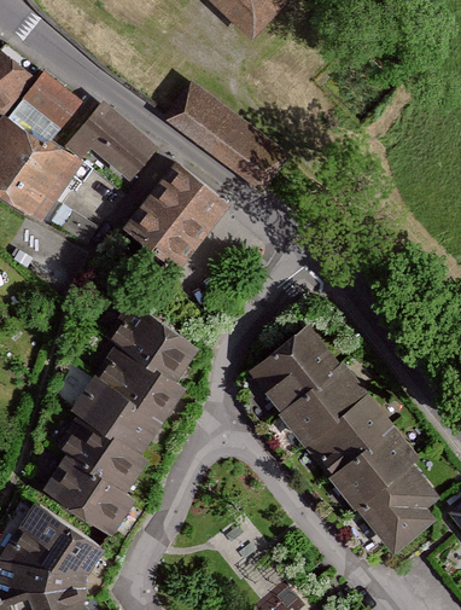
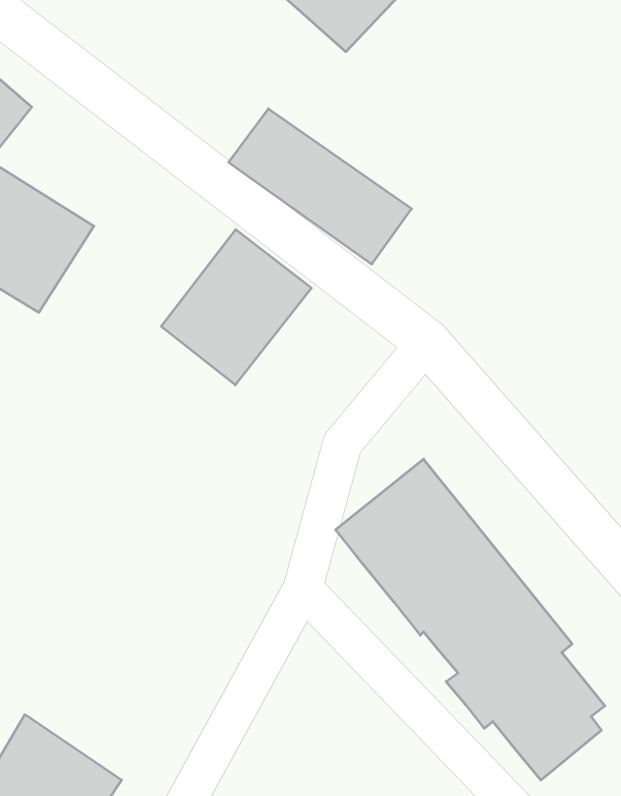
building: [25,71,83,128] -> none
building: [70,104,158,179] -> none
building: [41,303,196,535] -> none

